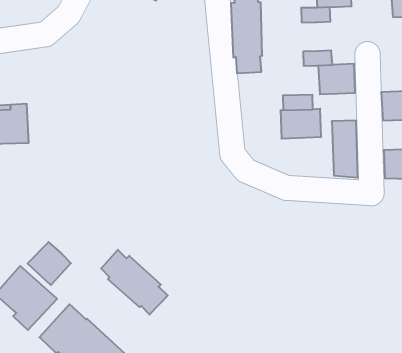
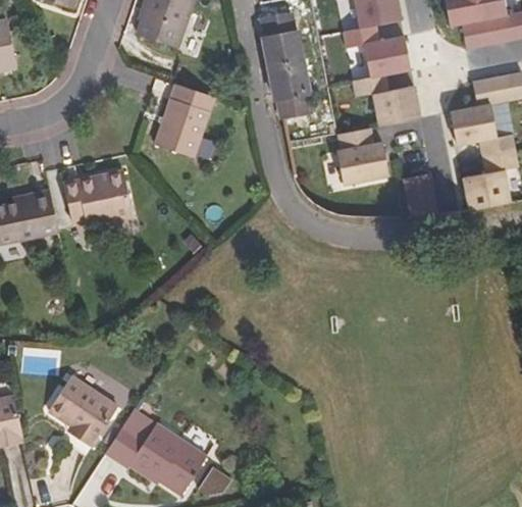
building: none -> [364,36,411,77]
building: none -> [154,84,214,158]
building: none -> [63,168,134,226]
building: [28,242,71,285] -> none
building: [101,250,168,315] -> none

